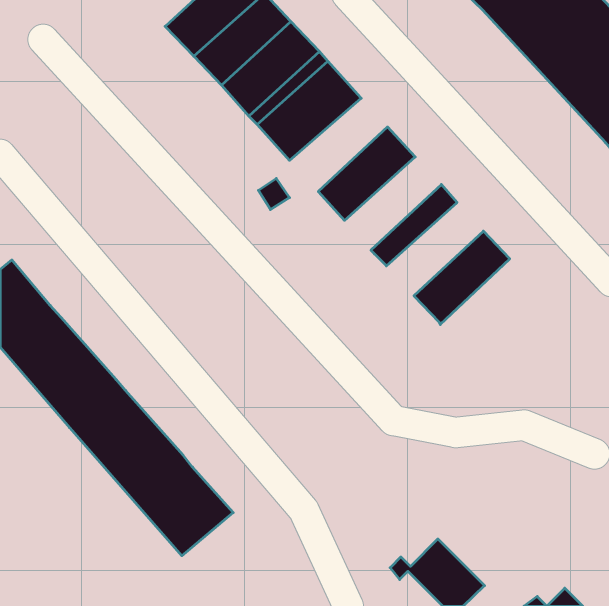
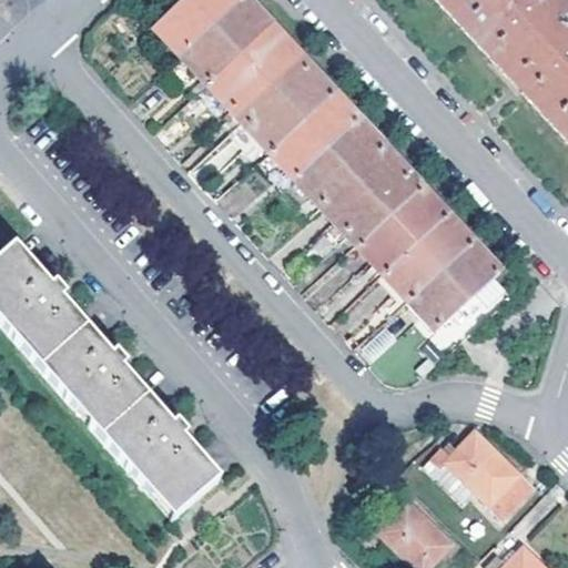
building: none -> [271,91,362,178]
building: none -> [322,145,412,232]
building: none -> [361,187,450,274]
building: none -> [410,240,501,329]
building: none -> [432,430,532,514]

